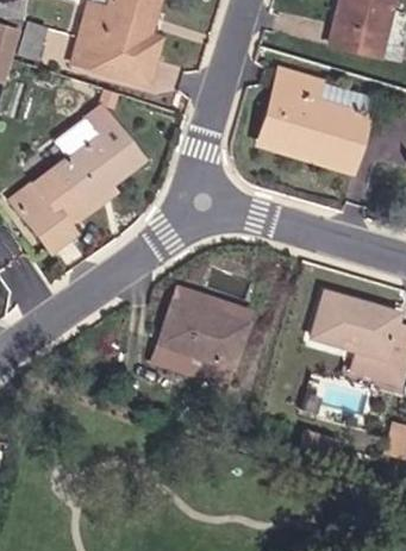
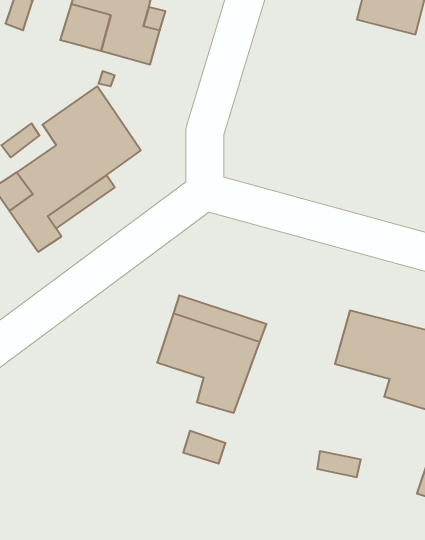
building: [257,70,374,170] -> none

